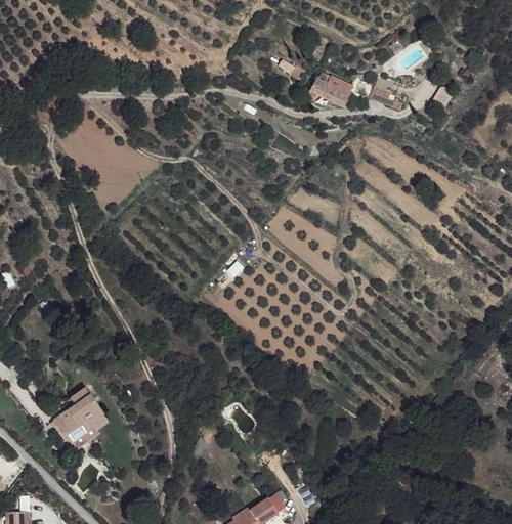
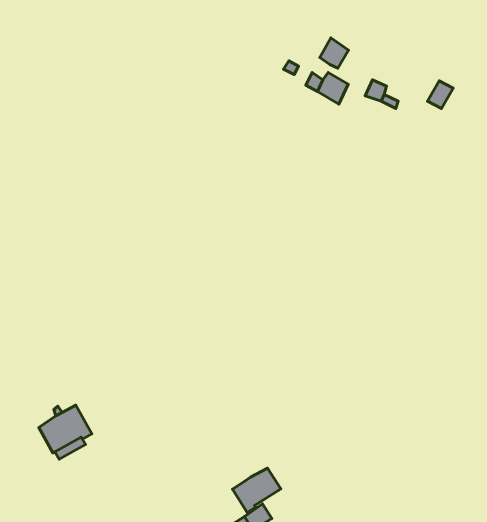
building: none -> [320,38,348,68]
building: none -> [232,468,281,513]

